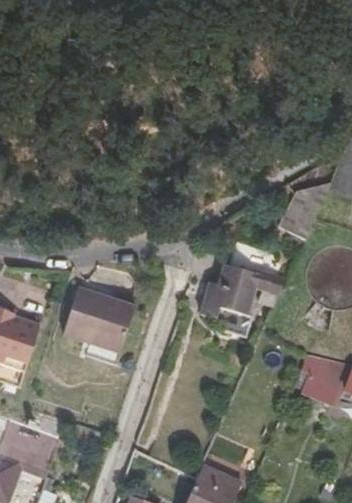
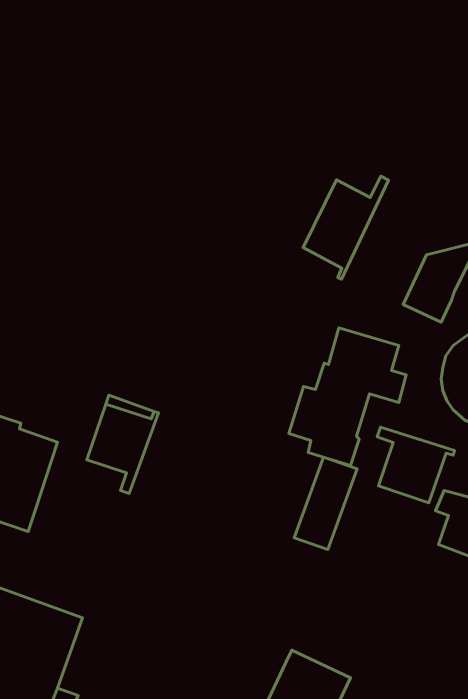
building: none -> [303,176,388,279]
building: [92,300,135,363] -> [294,457,357,549]
building: none -> [377,427,455,503]

